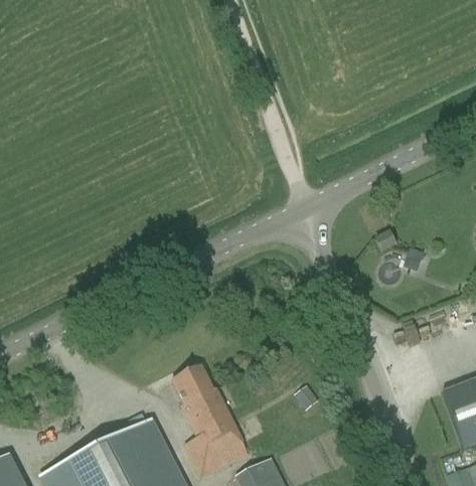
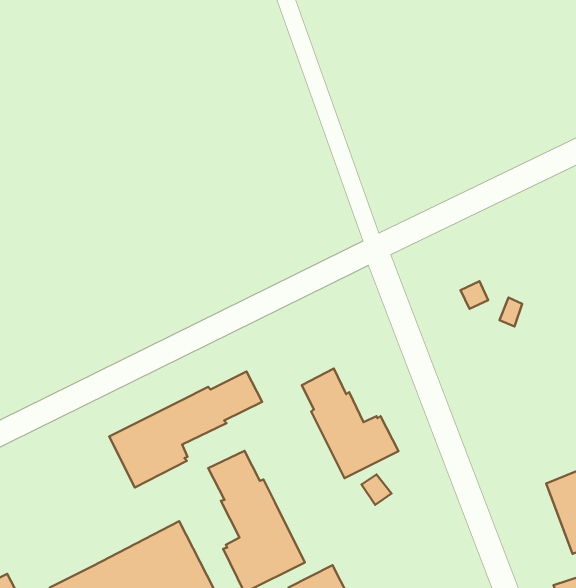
building: none -> [302,368,399,478]
building: none -> [109,372,262,487]

